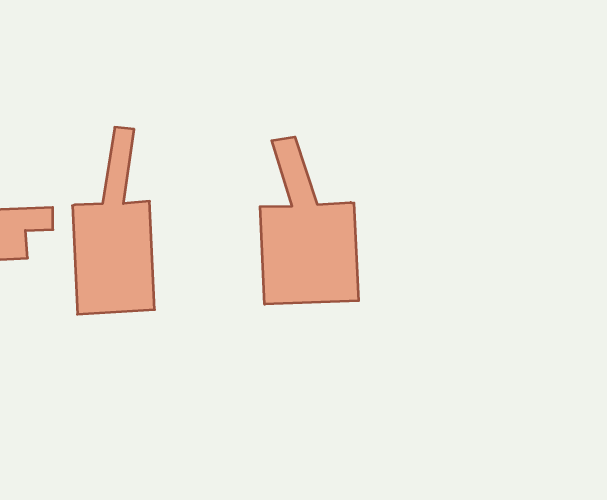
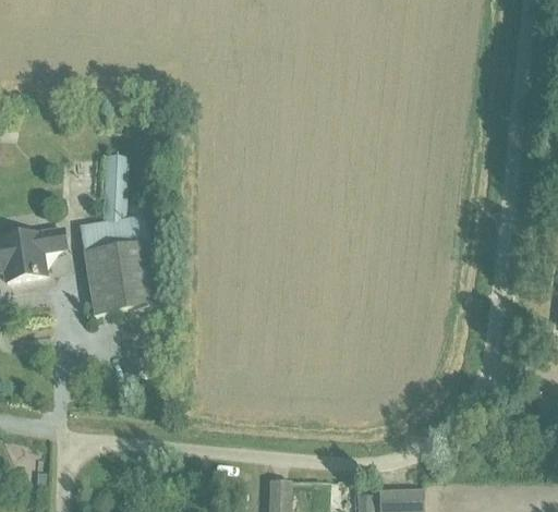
building: [260,137,359,304] -> none

